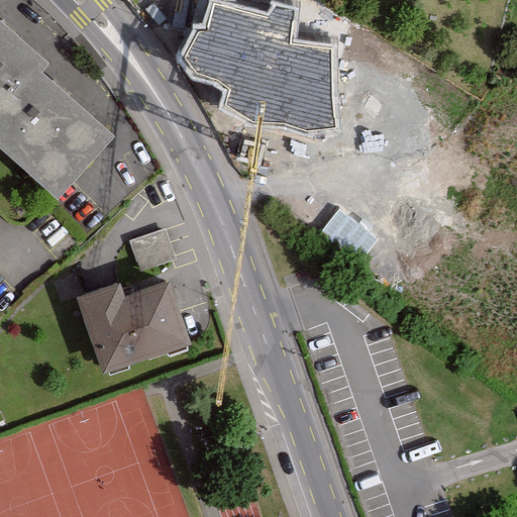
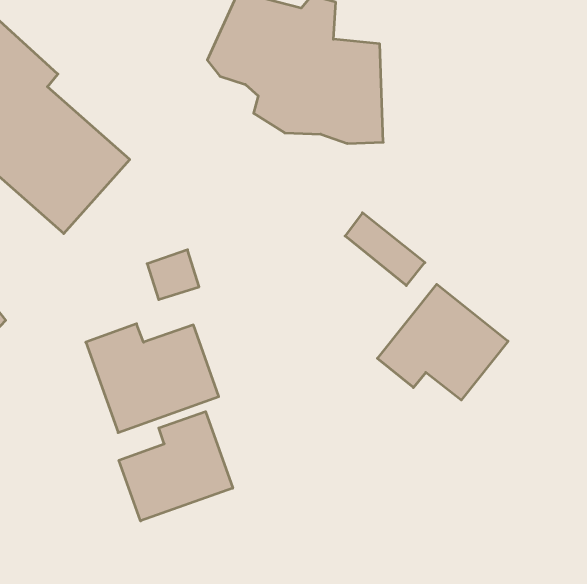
building: none -> [377,284,508,400]
building: none -> [119,412,233,521]

